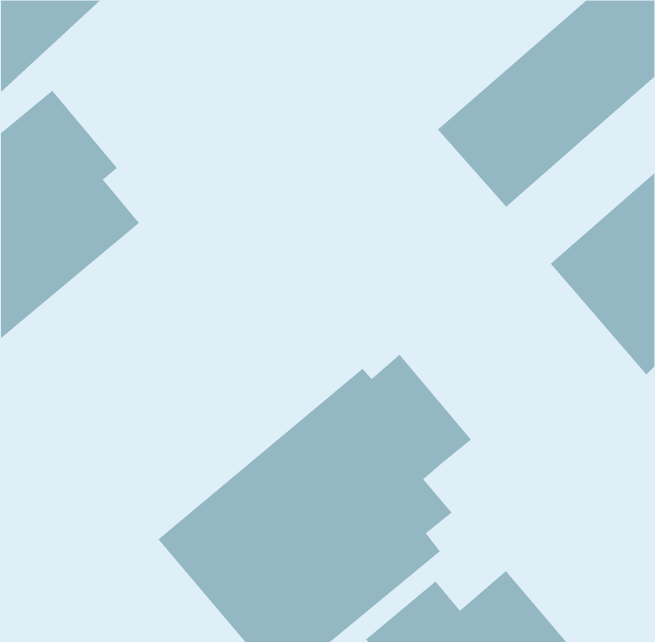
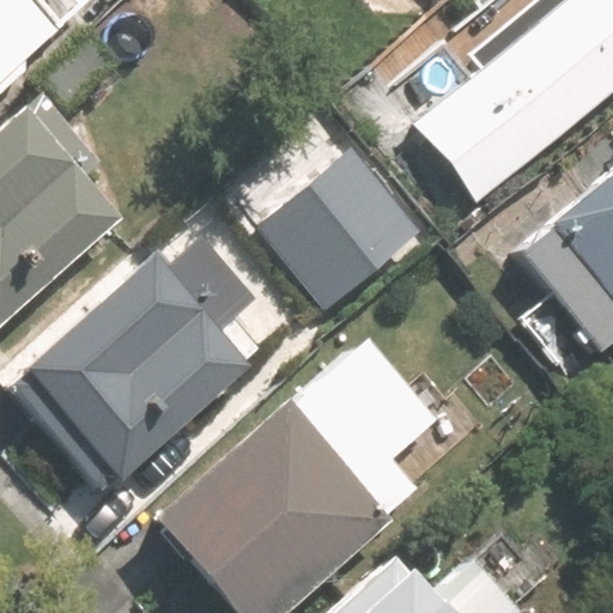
building: none -> [227,141,399,312]
building: none -> [24,239,261,475]

